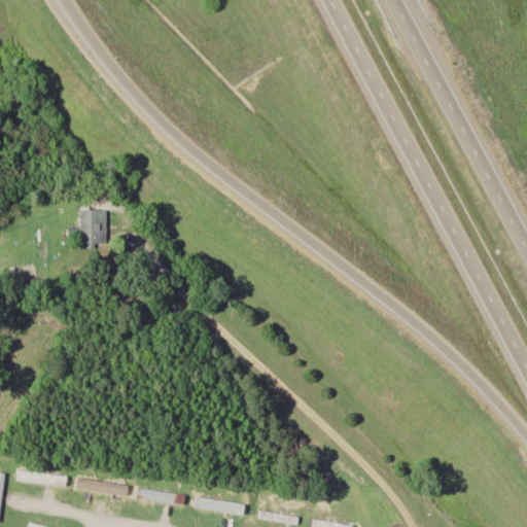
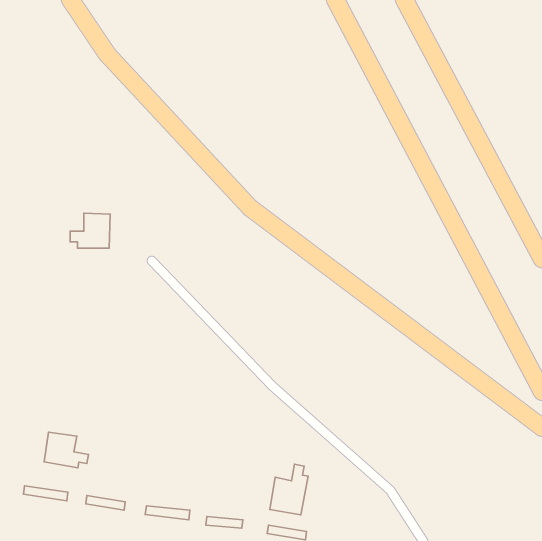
building: none -> [44,432,88,468]
building: none -> [270,464,308,515]

